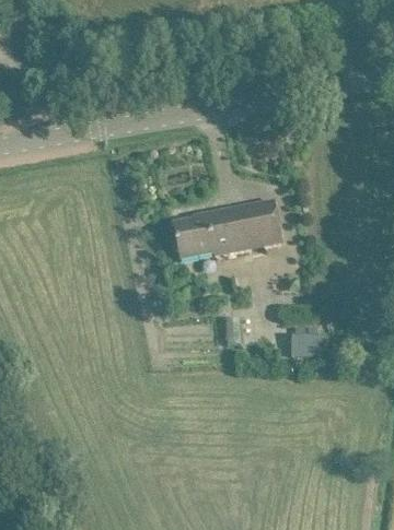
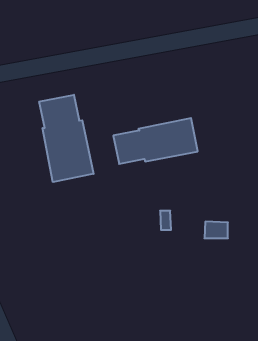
building: none -> [39,95,94,182]

